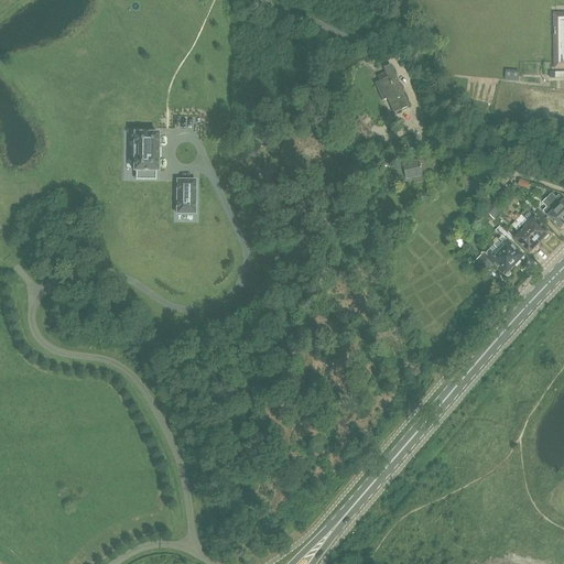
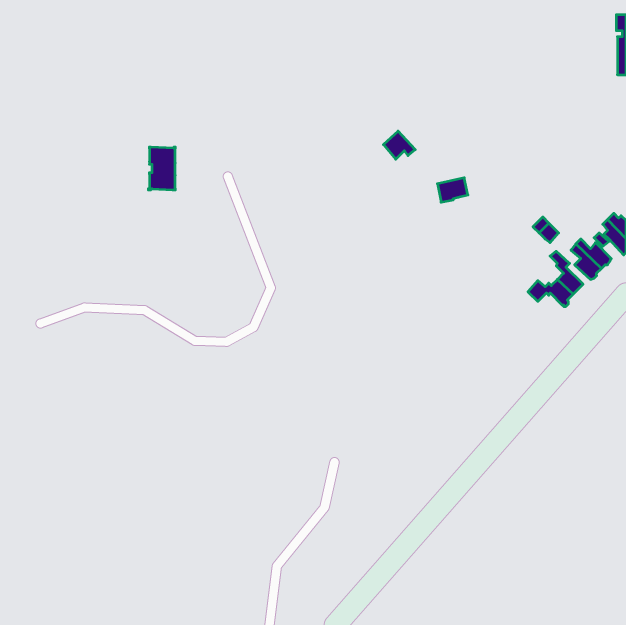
building: [375,63,409,111] -> none
building: [176,180,195,213] -> none

